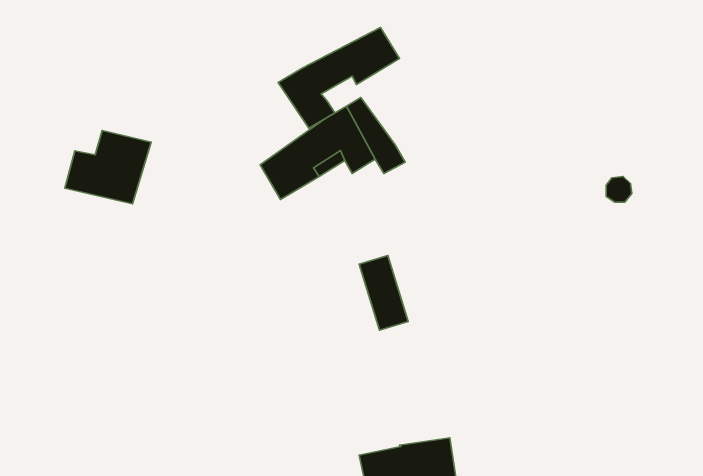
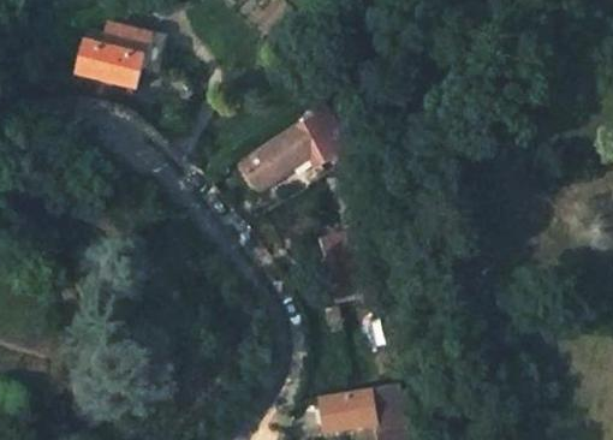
building: [278,28,400,128] -> none
building: [65,131,151,204] -> [77,29,149,90]

